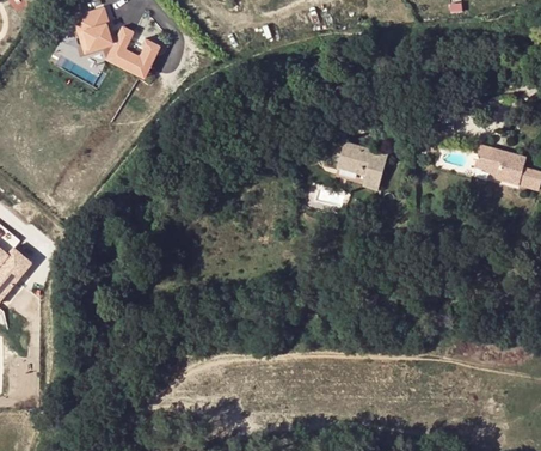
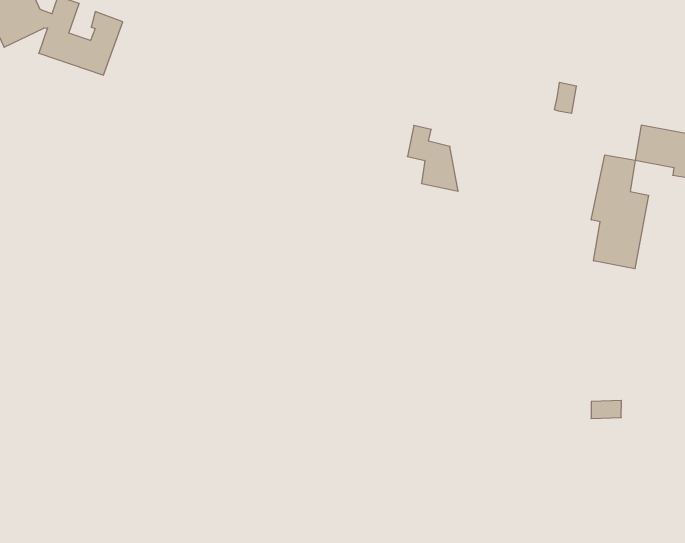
building: [358,146,387,189] -> none
building: none -> [591,155,648,269]

